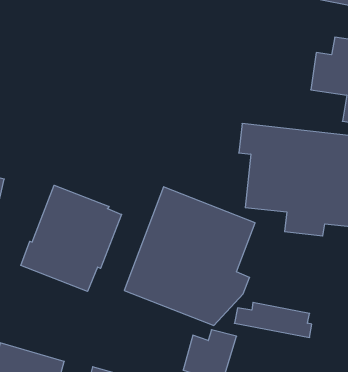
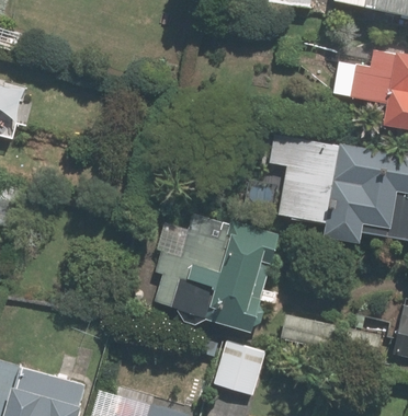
building: [21,185,122,291] -> none

